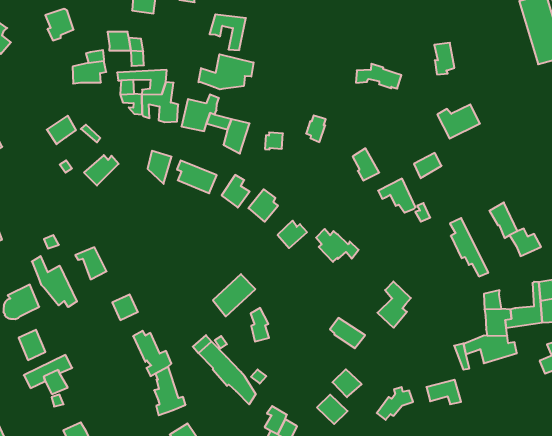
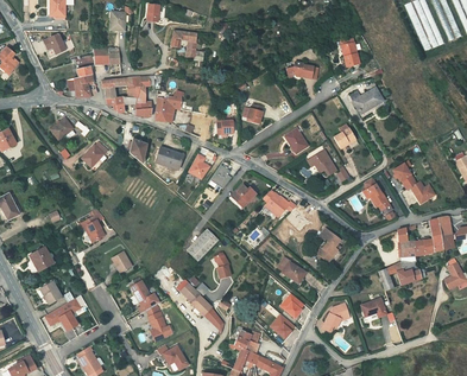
building: [199,54,254,89] -> none
building: [32,256,77,307] -> none

